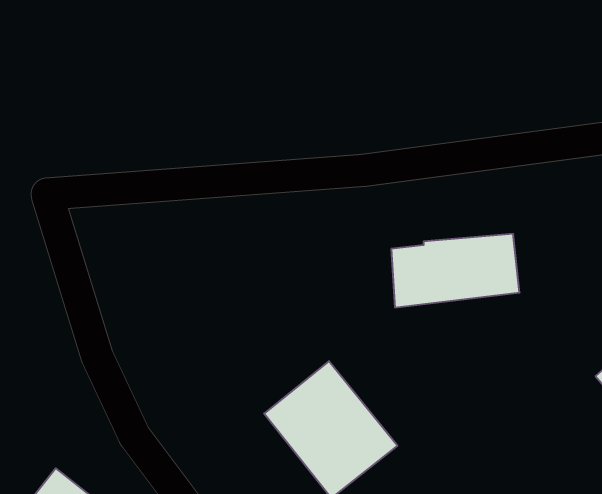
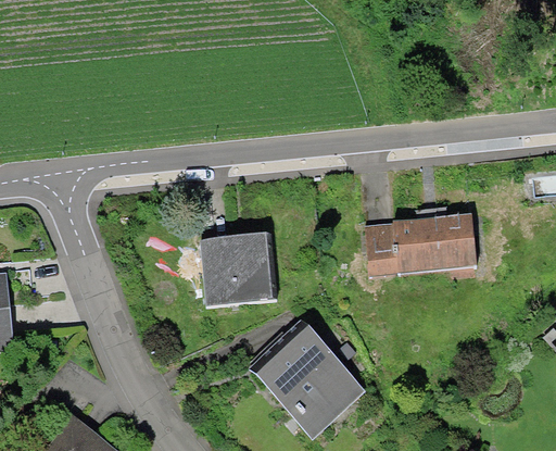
building: none -> [199,234,271,301]

